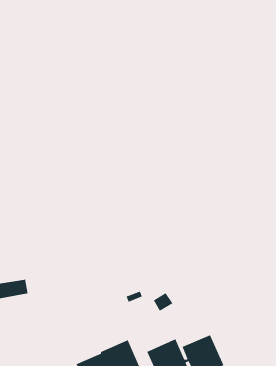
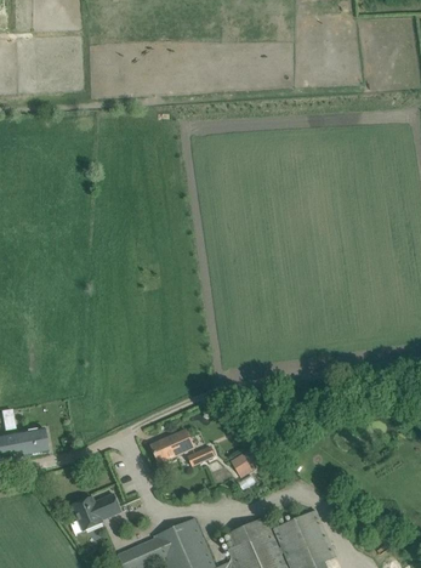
building: none -> [150,430,193,464]
building: none -> [72,494,120,532]

